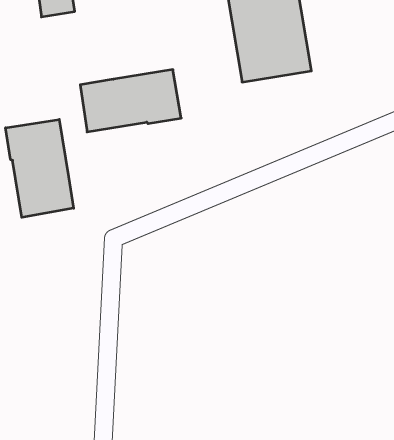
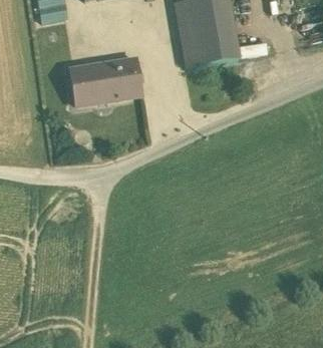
building: [6,119,74,217] -> none

